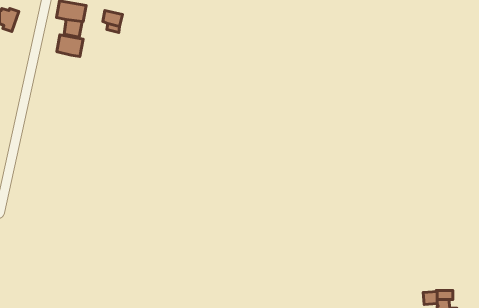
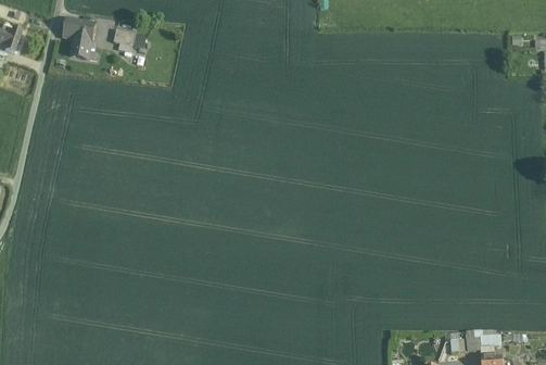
building: [57,35,83,57] -> none

